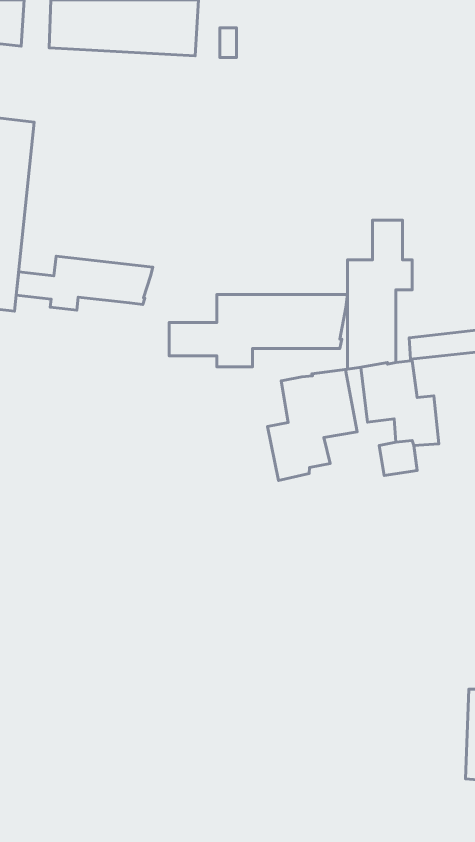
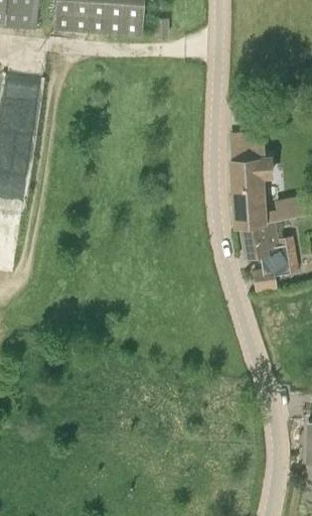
building: [16,256,153,310] -> none
building: [169,295,348,367] -> none
building: [268,369,357,481] -> none

